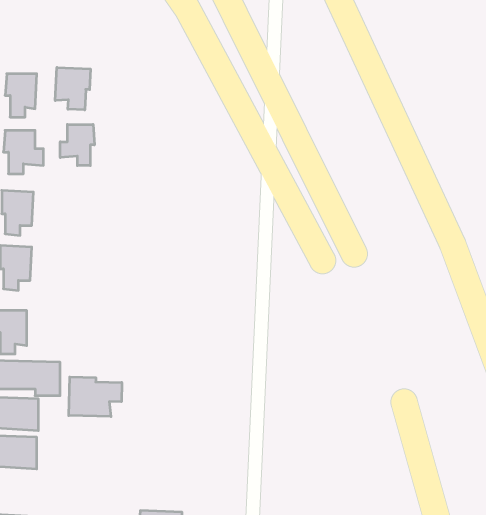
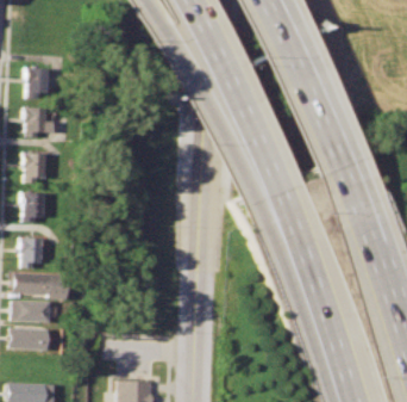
building: [55,67,90,110] -> none
building: [60,124,94,166] -> none
building: [69,377,122,417] -> none

